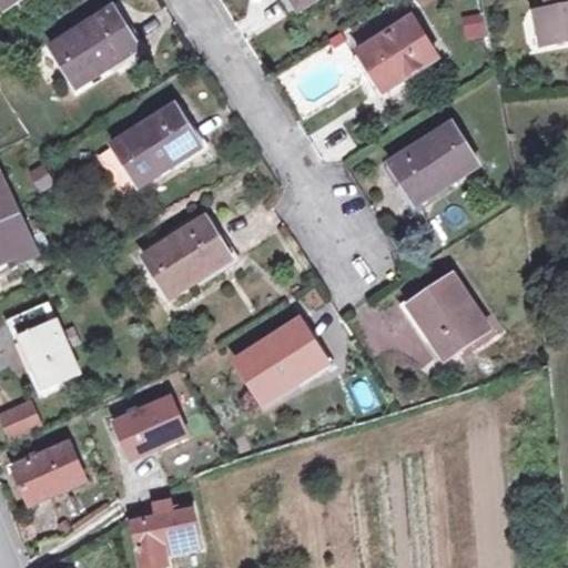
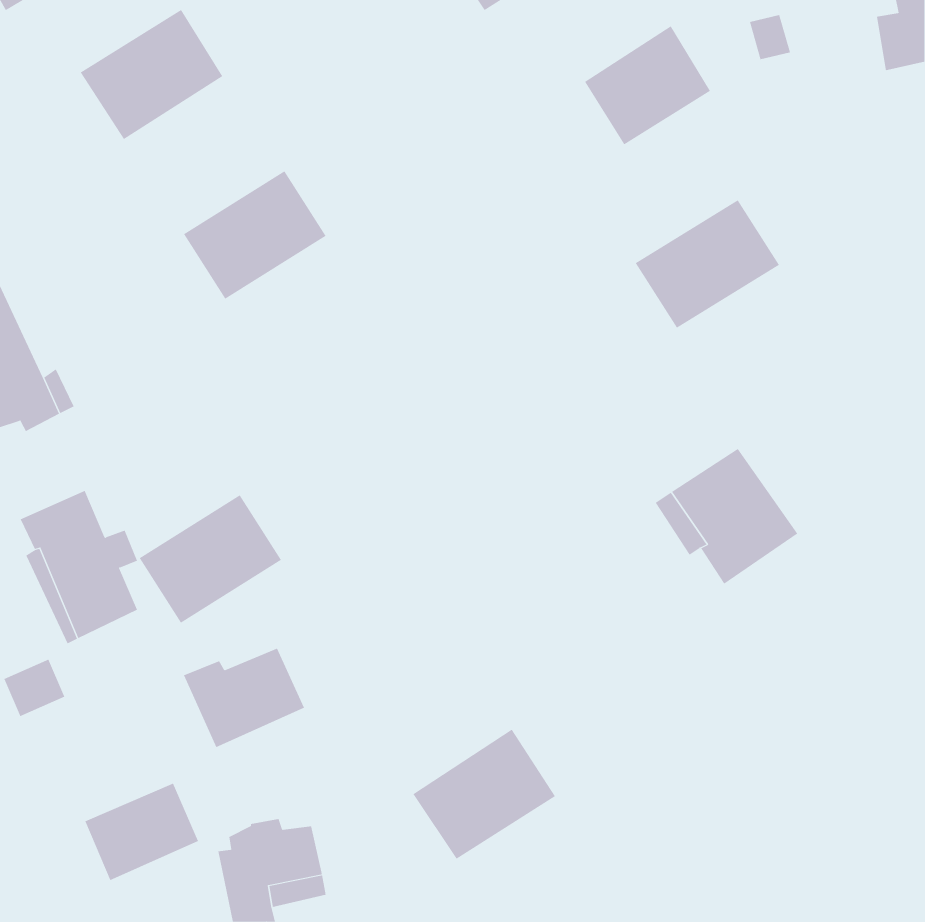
building: [143,216,231,295] -> [139,495,282,623]
building: [236,320,324,399] -> [412,729,556,860]
building: [14,443,84,503] -> [85,783,199,881]

